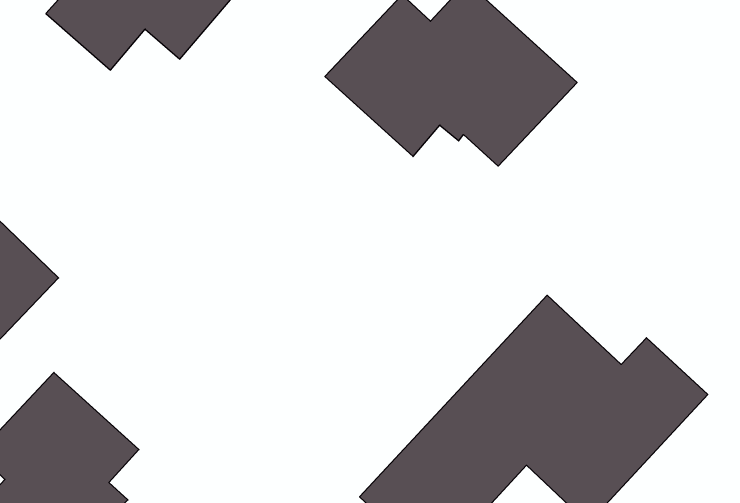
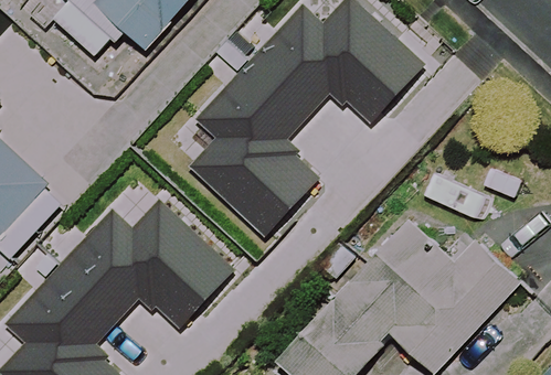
building: none -> [189,61,321,238]
building: none -> [59,200,234,330]

